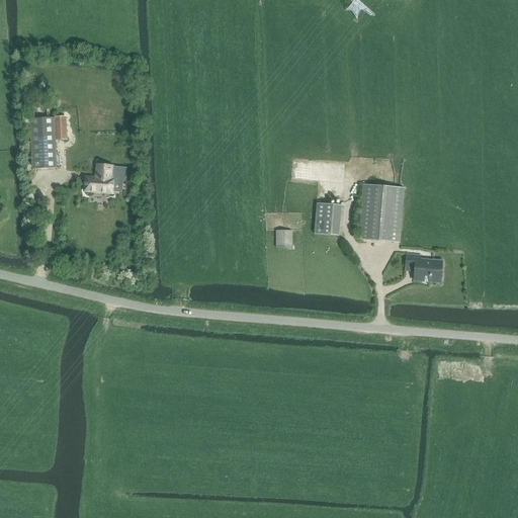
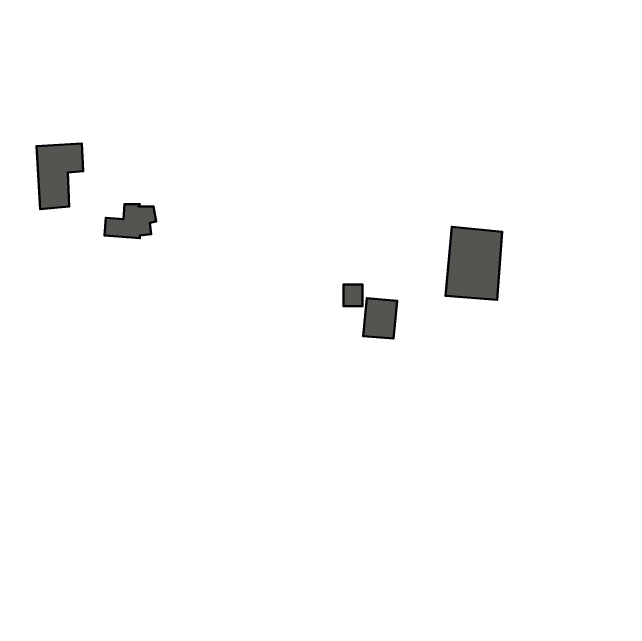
building: [314,201,341,234] -> [363,298,397,339]
building: [405,253,442,279] -> none

